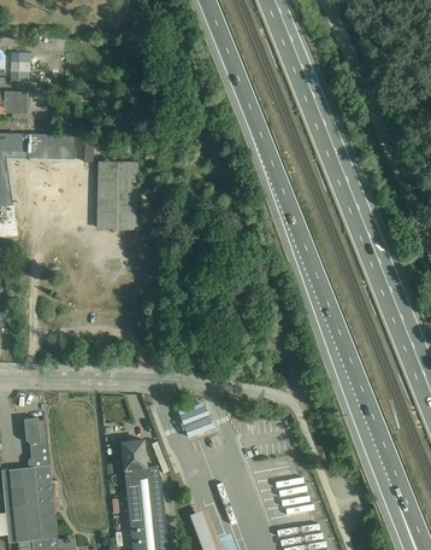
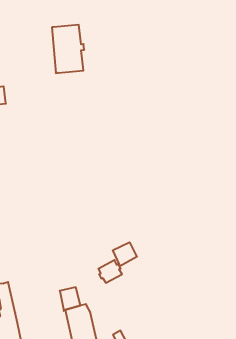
building: [95,162,141,230] -> [52,25,84,73]
building: none -> [113,242,137,266]

